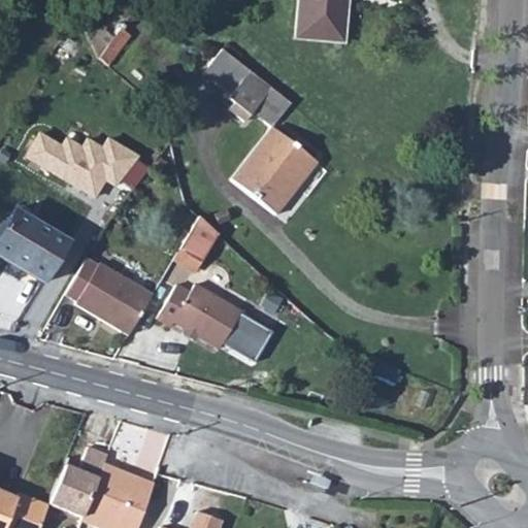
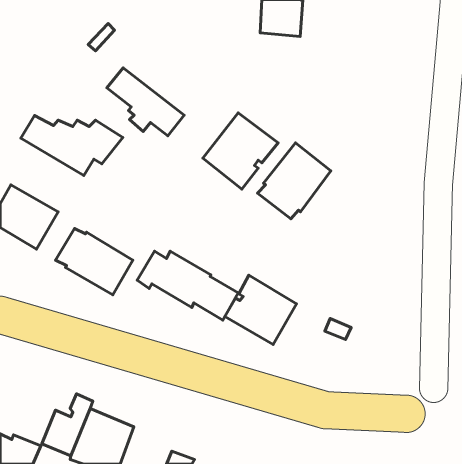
building: [205,50,293,127] -> [107,68,184,136]
building: none -> [258,143,331,219]
building: [182,217,220,263] -> none
building: none -> [225,275,297,344]

